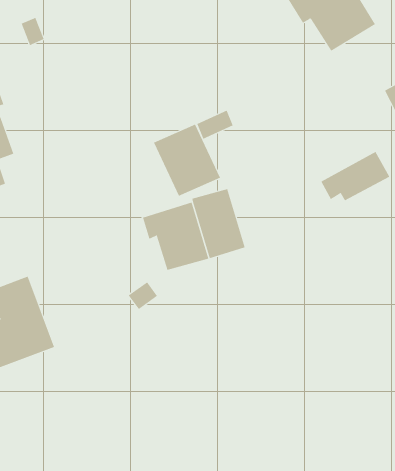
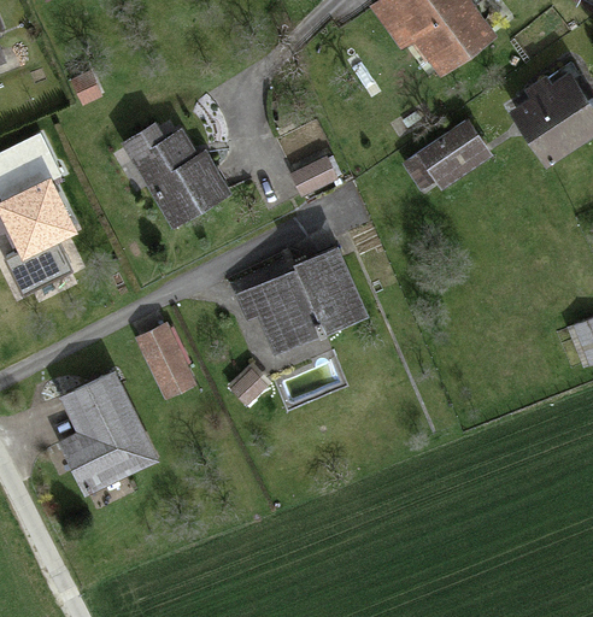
building: [153,124,221,197] -> [135,127,221,216]
building: [320,151,390,201] -> [403,118,486,182]
building: none -> [136,321,196,394]

